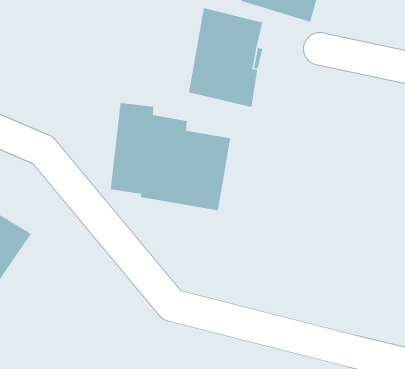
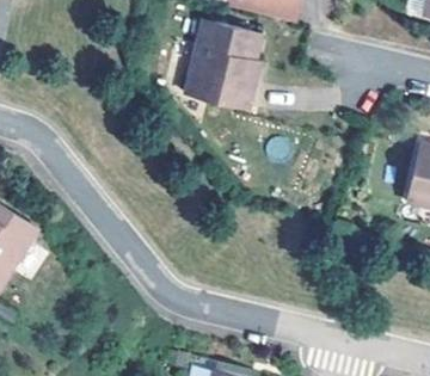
building: [110,102,231,211] -> none

